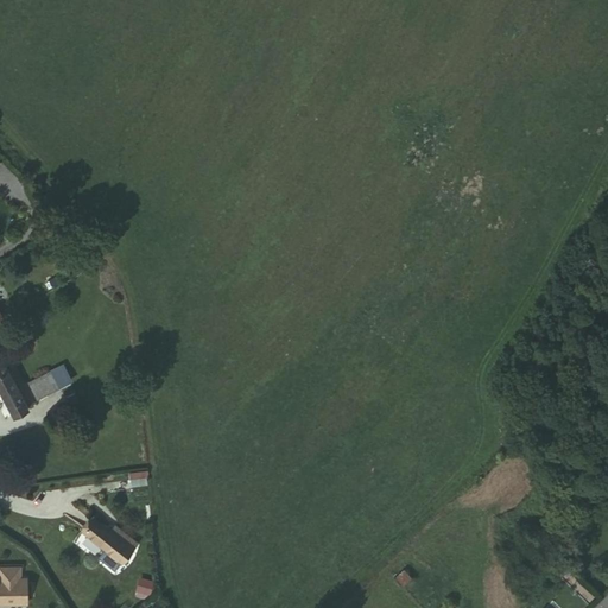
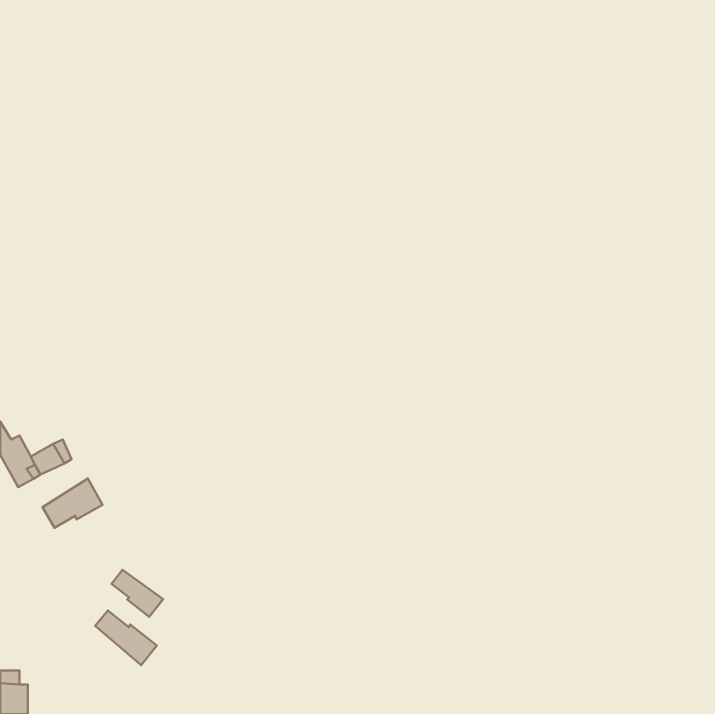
building: none -> [42,479,102,528]
building: none -> [112,570,163,617]

